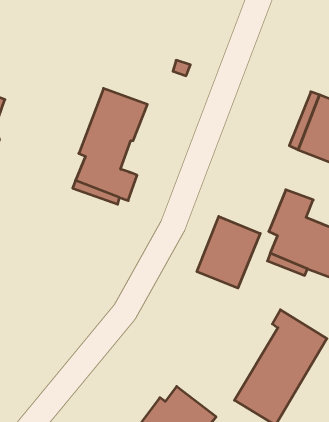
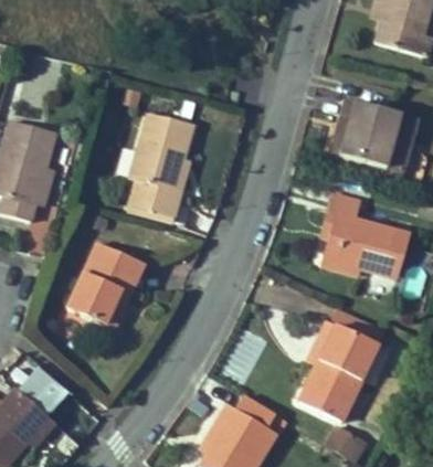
building: none -> [68,240,145,326]
building: [197,216,260,288] -> none

